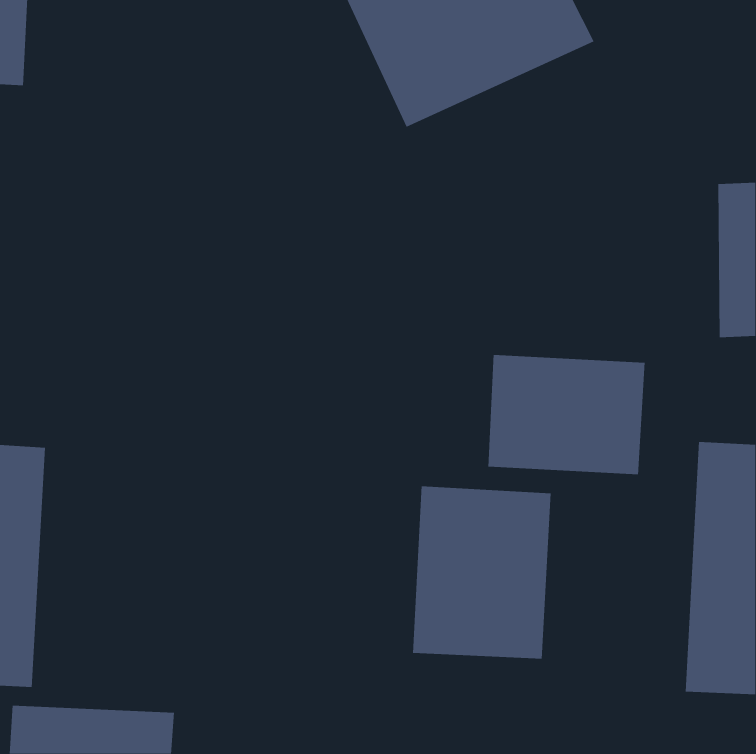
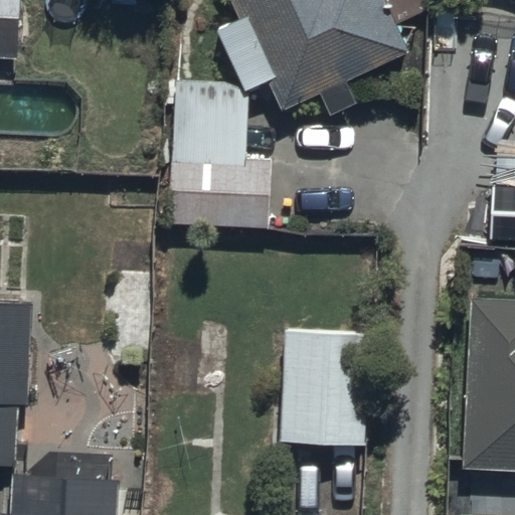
building: none -> [166,85,274,228]
building: [488,354,645,475] -> none

